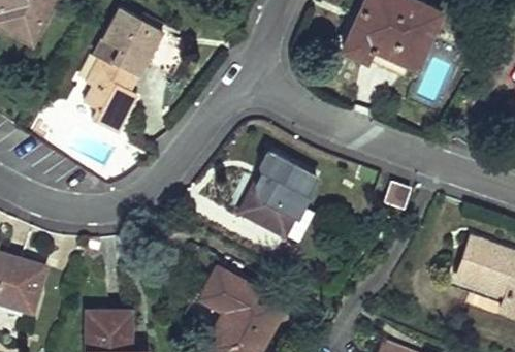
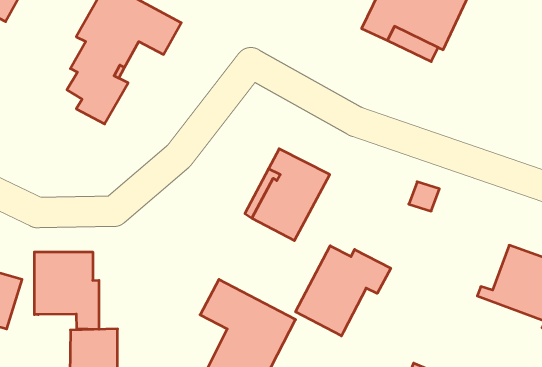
building: none -> [296,246,391,336]
building: none -> [34,252,99,329]

